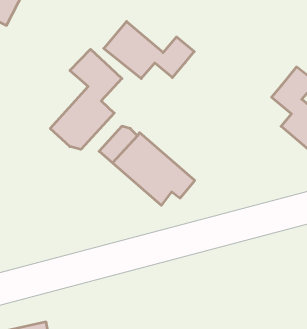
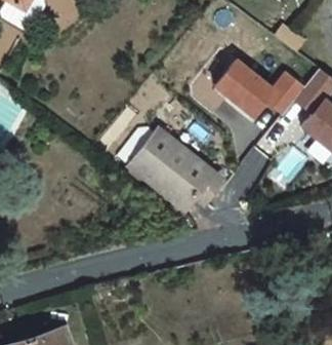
building: [104,21,194,79] -> [213,58,302,114]
building: [50,49,122,149] -> none

